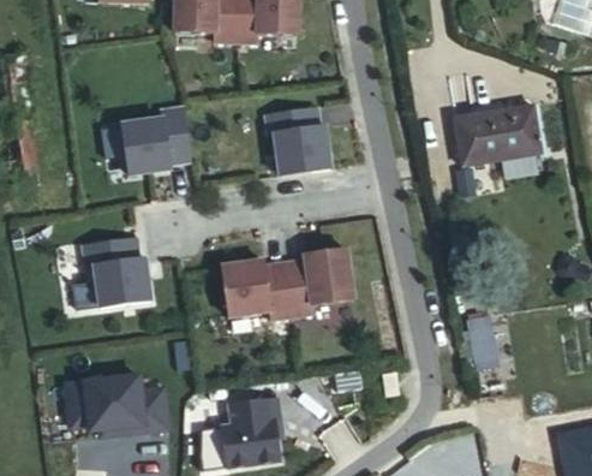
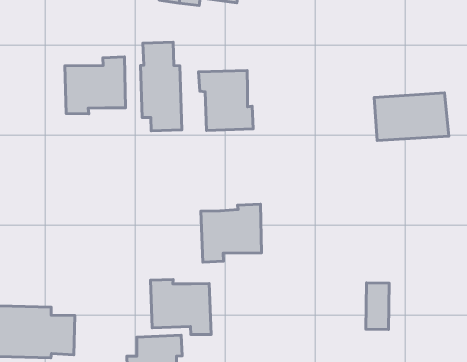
building: none -> [140,42,182,131]
building: [84,237,151,302] -> none
building: [222,262,293,319] -> [151,279,211,335]

